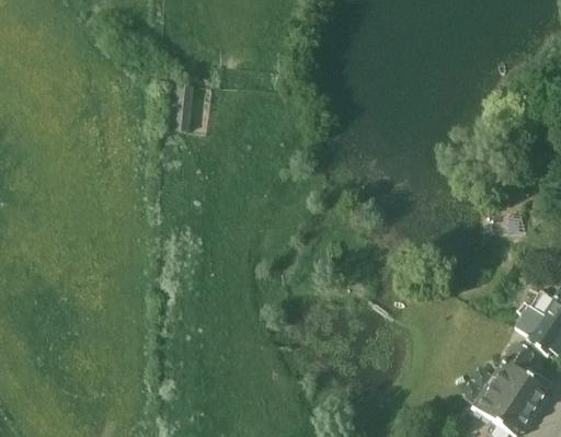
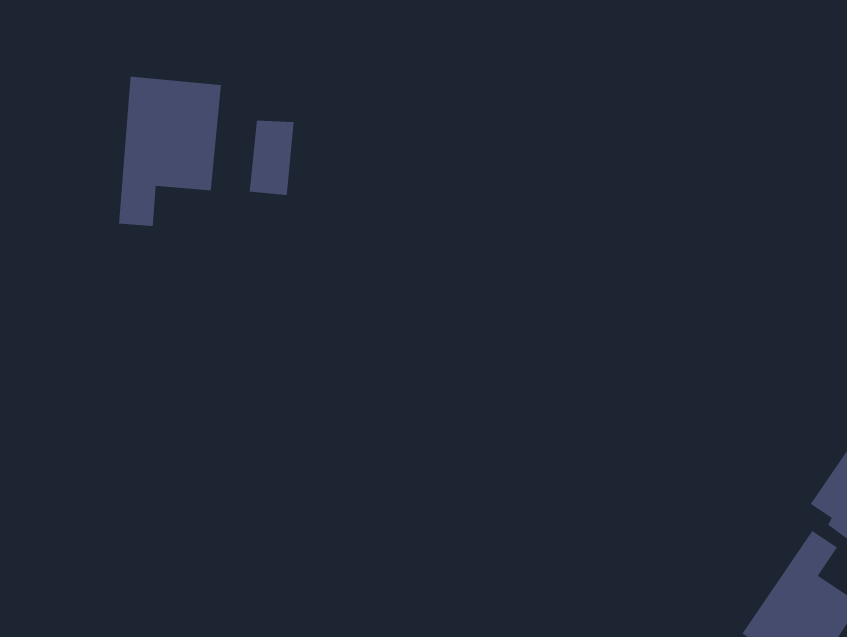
building: none -> [119,76,221,227]

